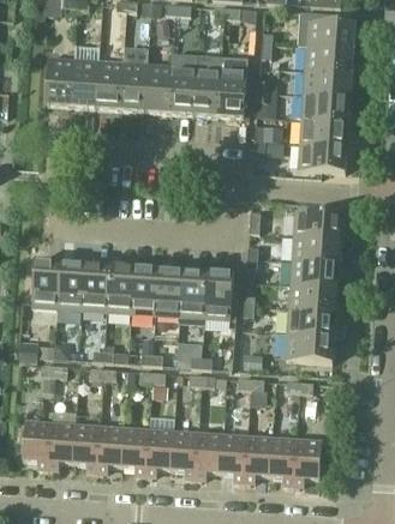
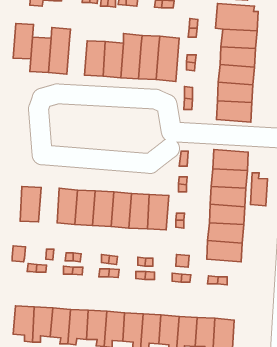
building: [95,60,122,108] -> [13,24,33,59]
building: none -> [251,173,268,206]
building: [56,260,84,308] -> none

